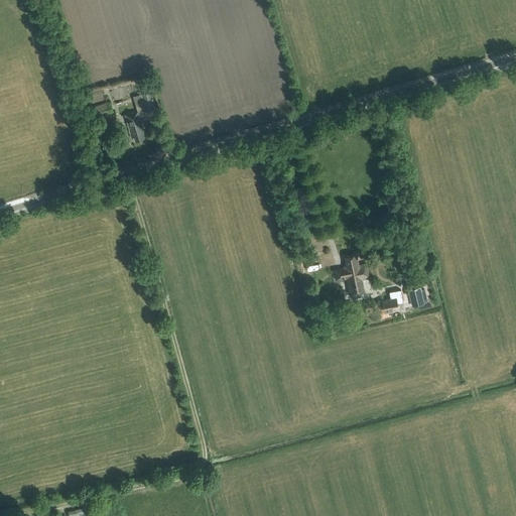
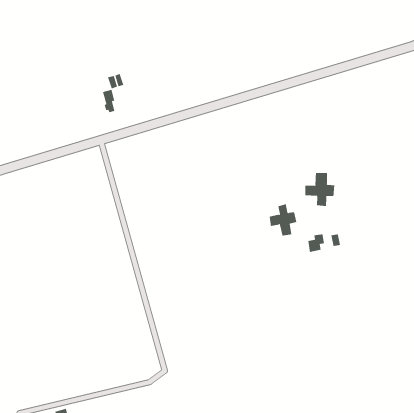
building: none -> [305,172,335,207]

